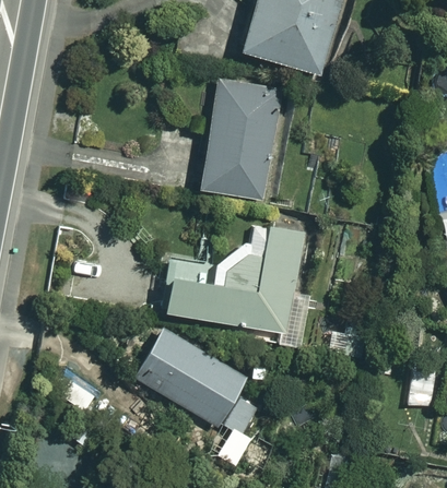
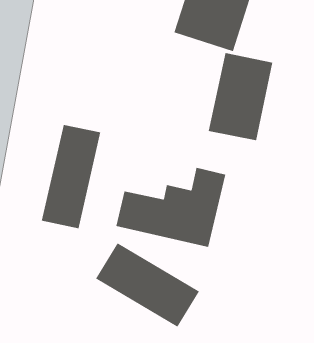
building: [197,83,284,201] -> [208,53,273,141]
building: none -> [41,124,101,229]

